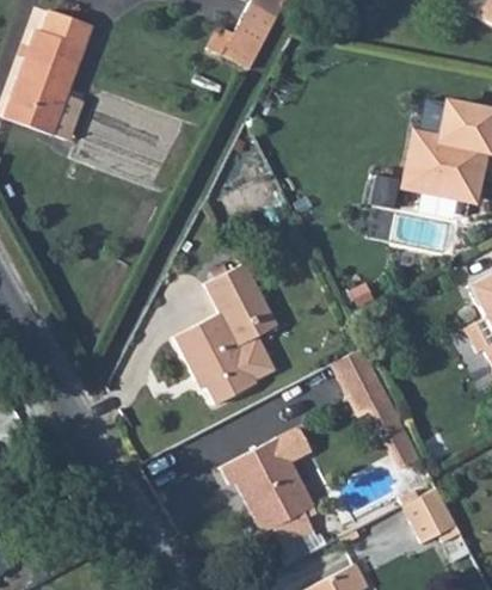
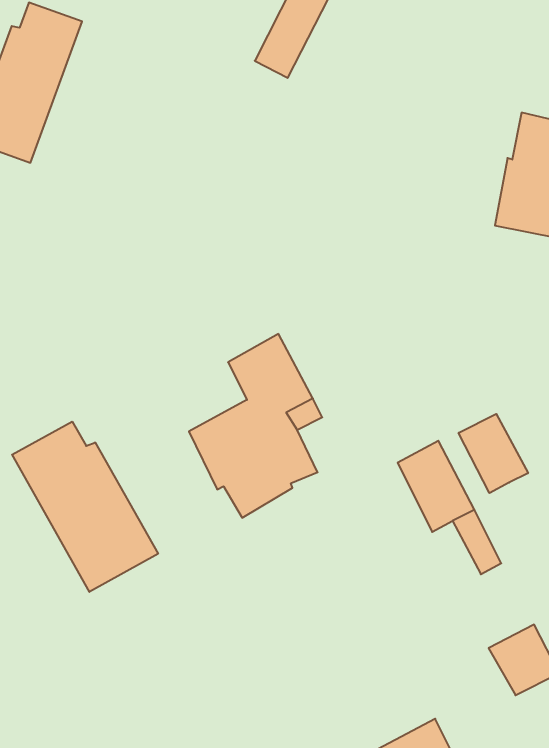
building: none -> [459,414,528,493]
building: none -> [12,422,158,592]
building: [220,428,310,541] -> none

